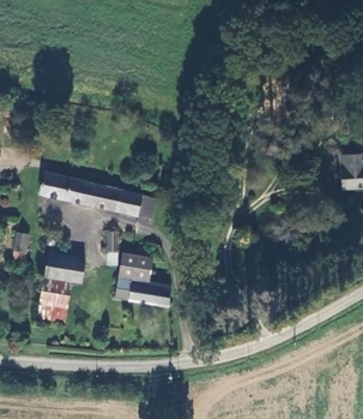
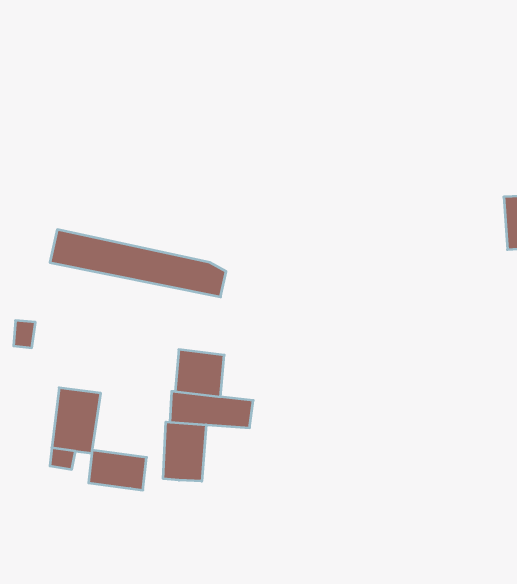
building: [43,256,81,282] -> [89,450,147,490]
building: none -> [163,422,206,481]

